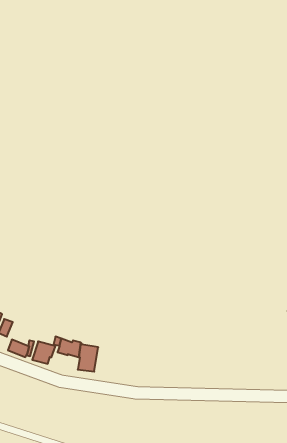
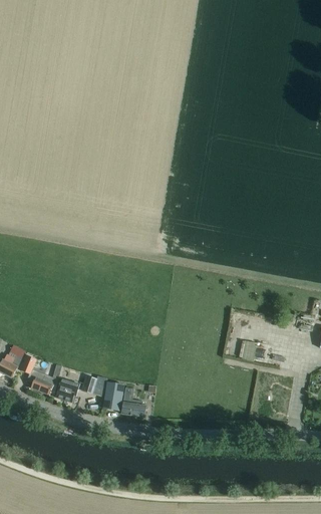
building: none -> [121,386,146,416]

